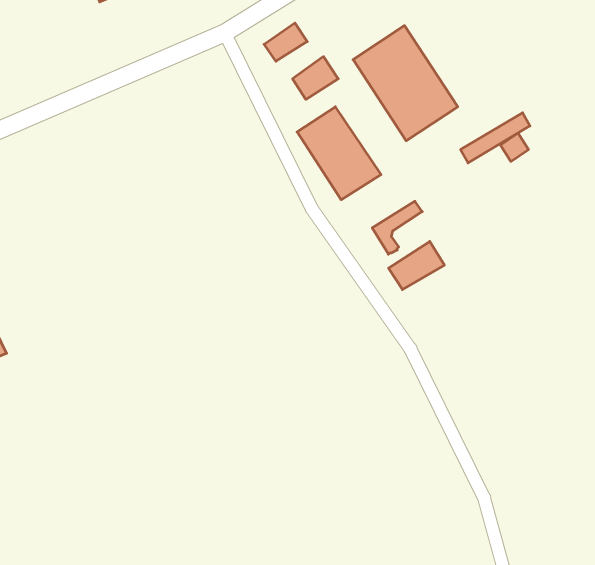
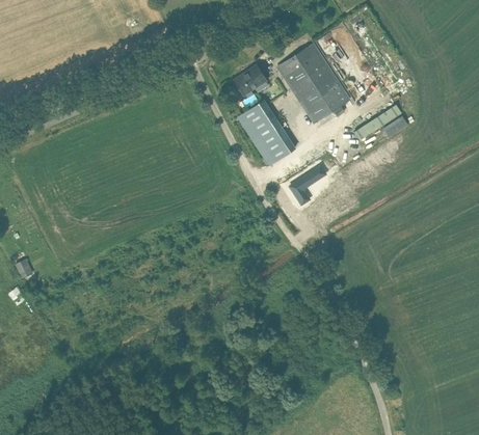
building: [264,23,307,61] -> none
building: [389,241,444,290] -> none

